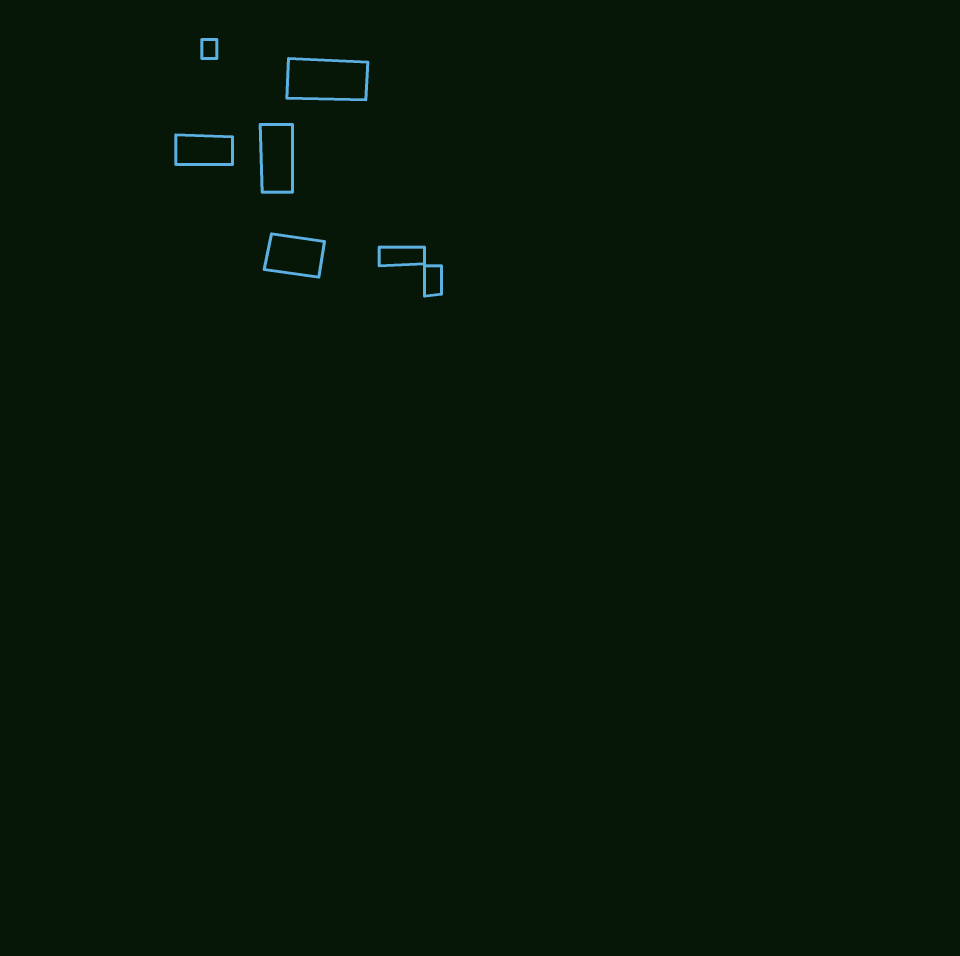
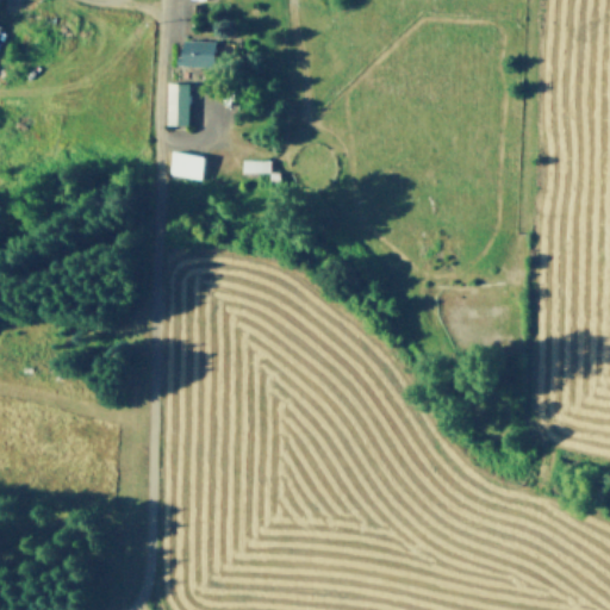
building: [176,135,232,164] -> none

